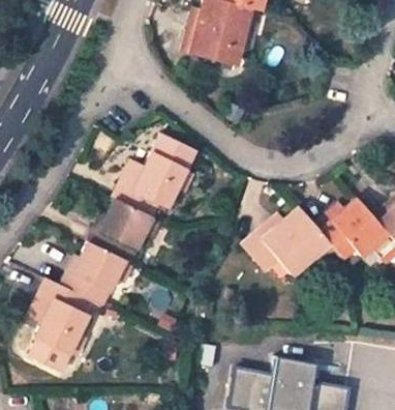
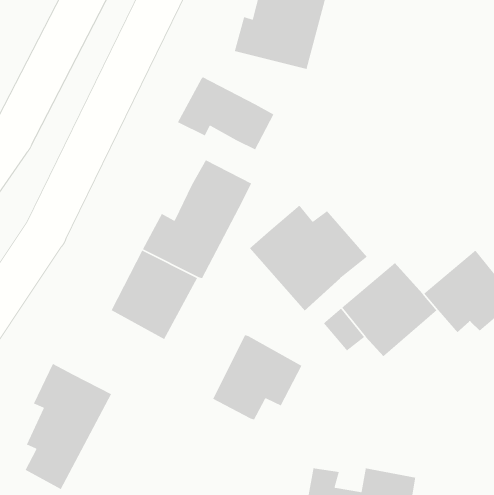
building: none -> [177,76,275,150]
building: none -> [249,205,368,311]
building: [65,240,131,303] -> [212,334,303,421]

